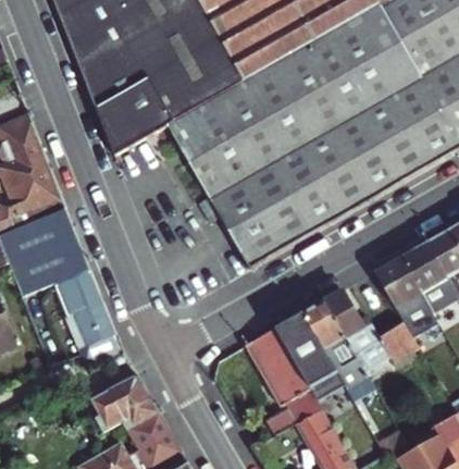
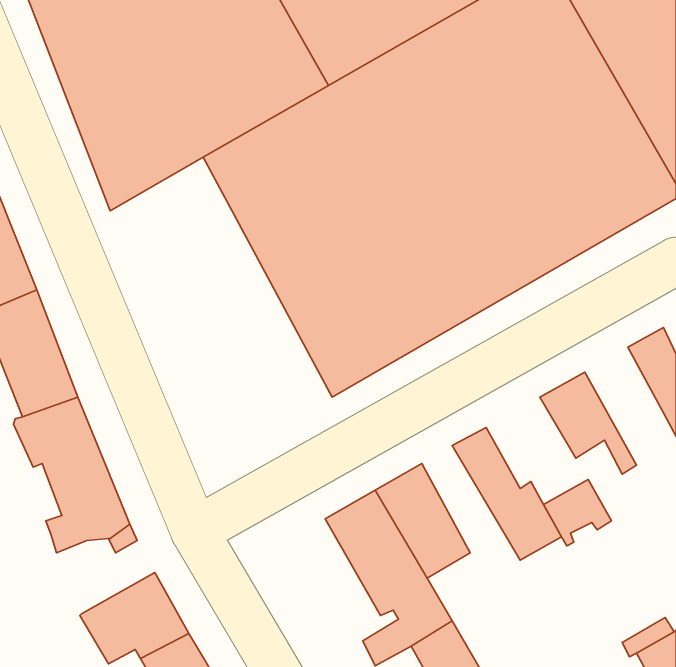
building: [400,239,447,311] -> none
building: [301,299,369,387] -> none

